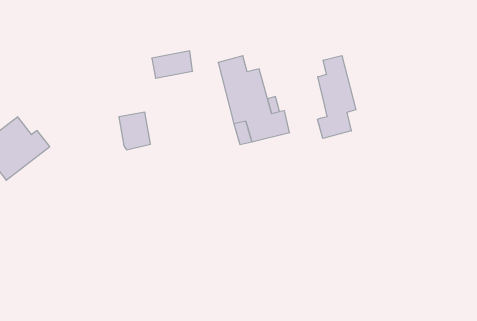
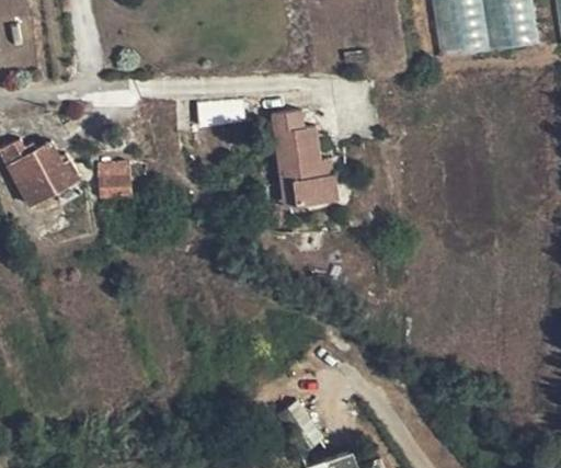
building: [318,56,356,138] -> none
building: [119,112,150,150] -> [96,161,126,198]

